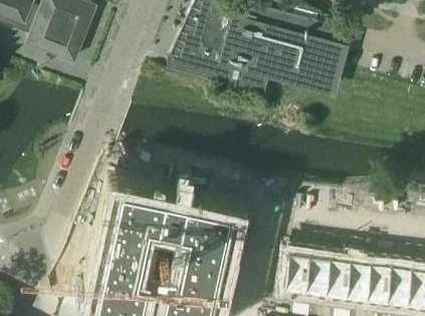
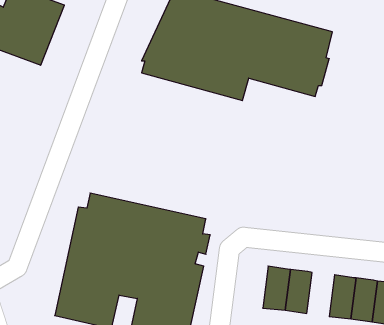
building: [324,259,350,300] -> none

